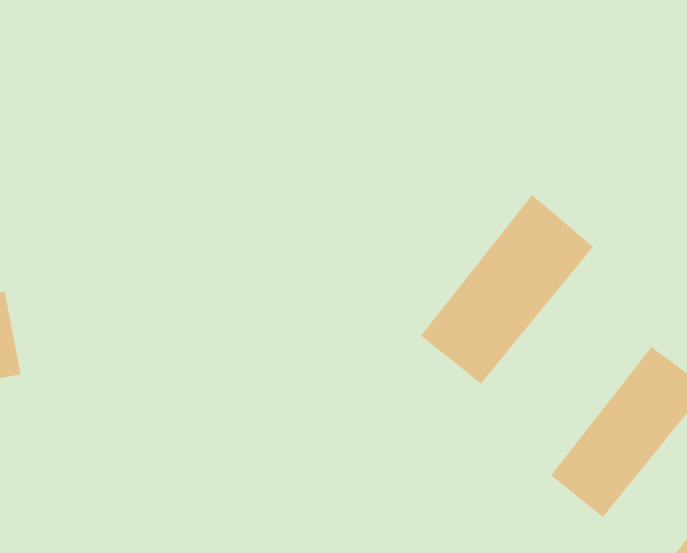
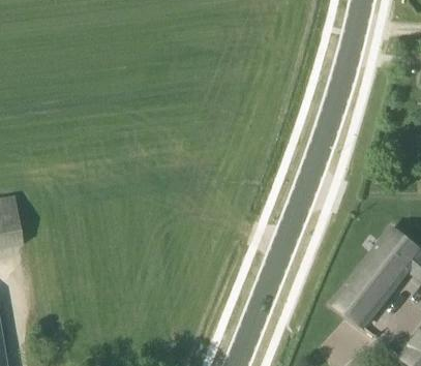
building: [420,194,594,384] -> none

